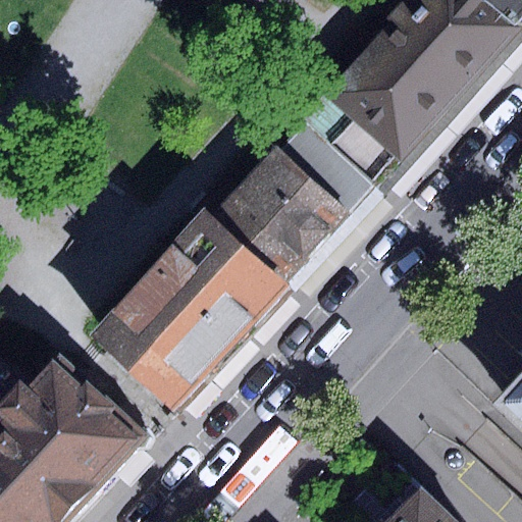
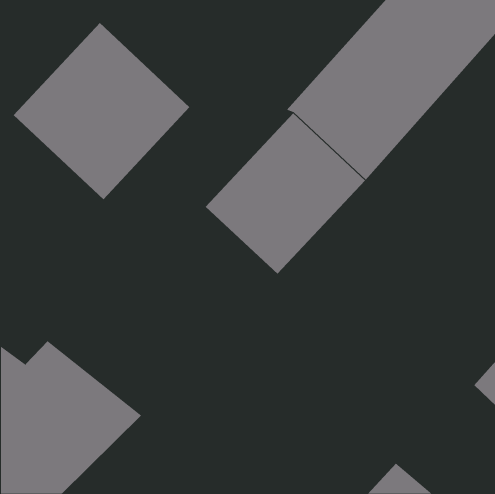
building: none -> [13,22,190,200]
building: [85,206,293,415] -> none

